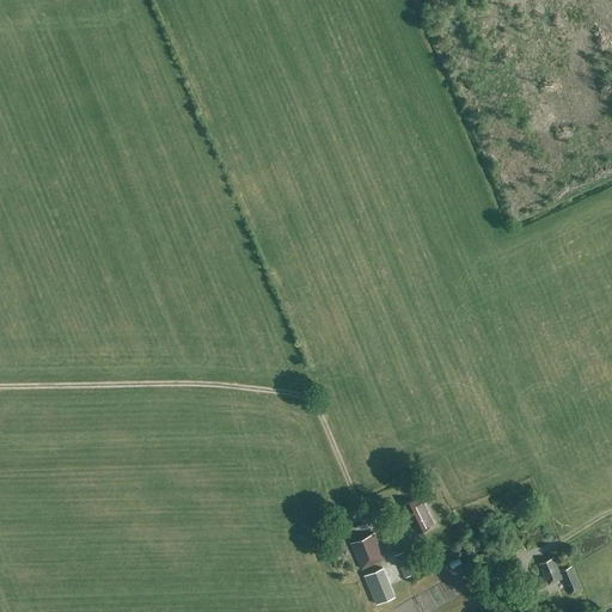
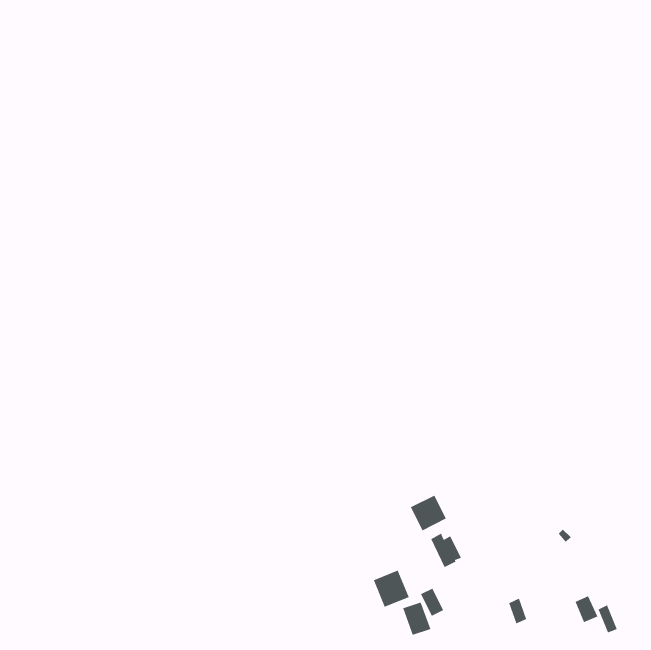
building: none -> [410,494,447,532]

